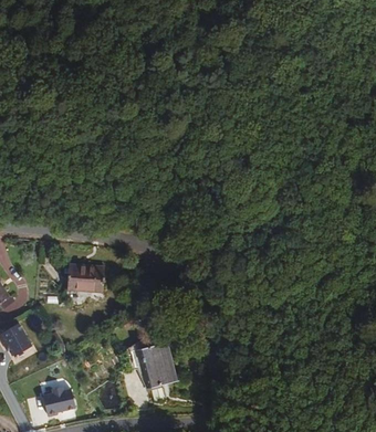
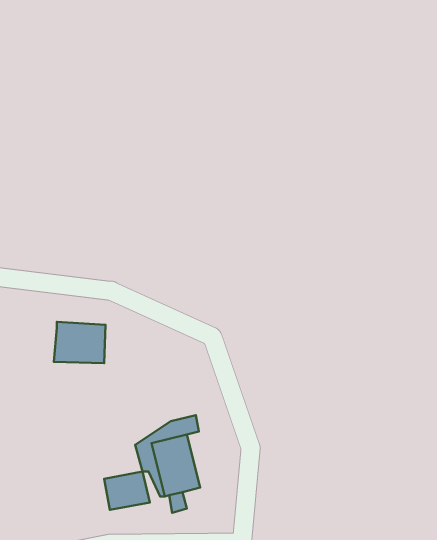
building: [41,386,75,414] -> [104,471,150,510]

